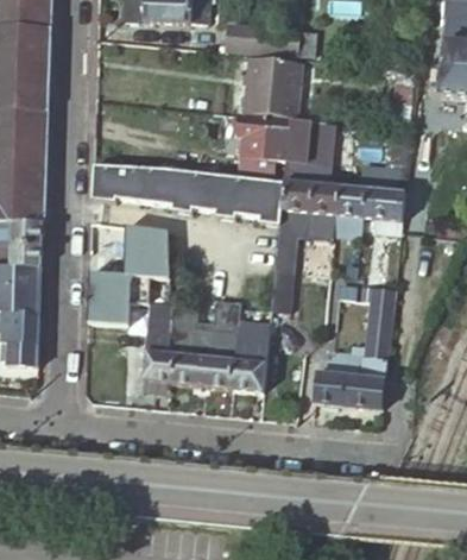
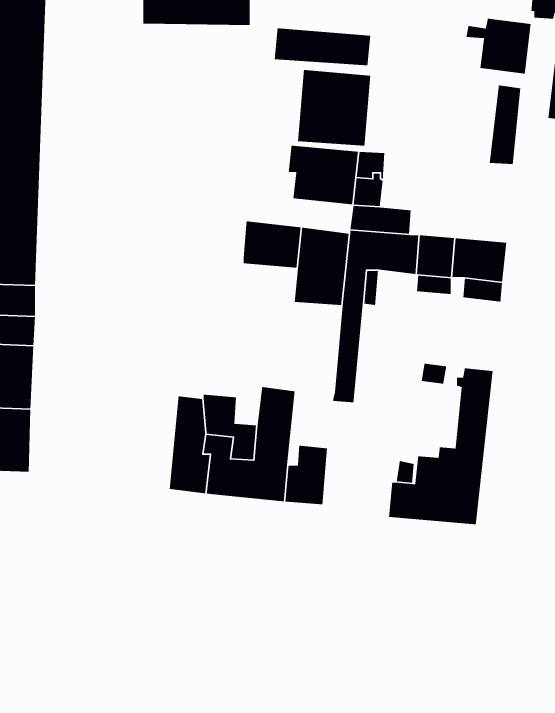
building: none -> [465,18,531,74]
building: [95,164,204,200] -> none
building: [87,222,170,321] -> none

